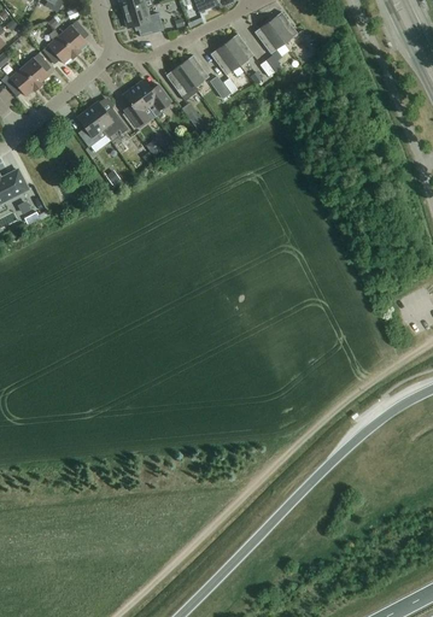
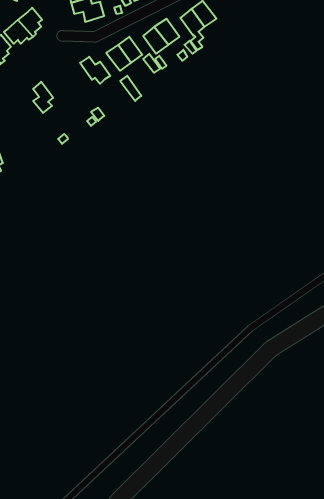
building: [123,87,148,127] -> none
building: [87,101,128,137] -> none

